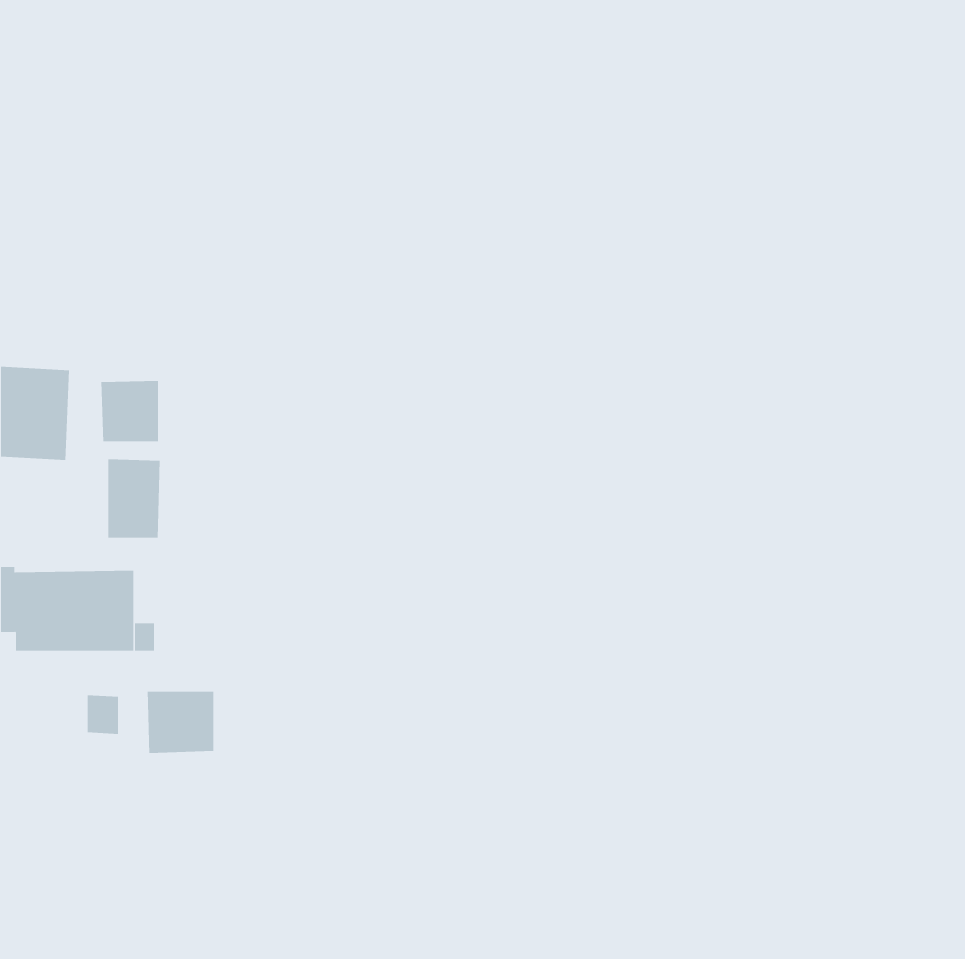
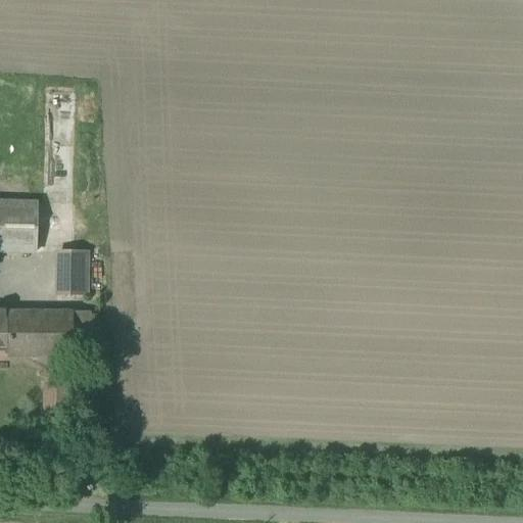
building: [101,380,158,442] -> none
building: [147,691,214,754] -> none

